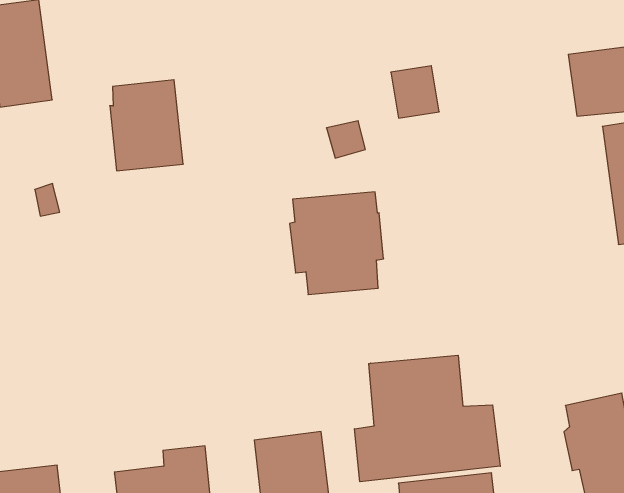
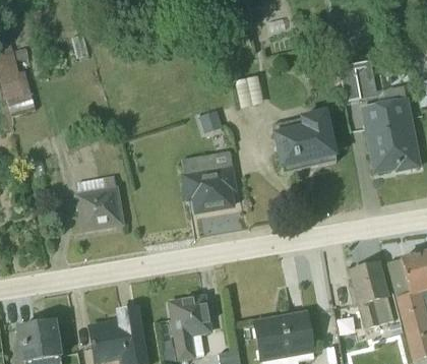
building: [110,80,183,171] -> [77,175,122,230]
building: none -> [271,110,338,173]
building: [355,355,500,482] -> none

